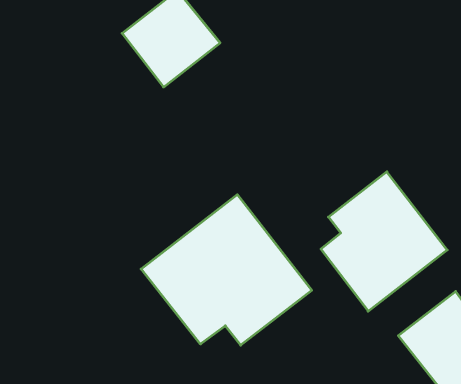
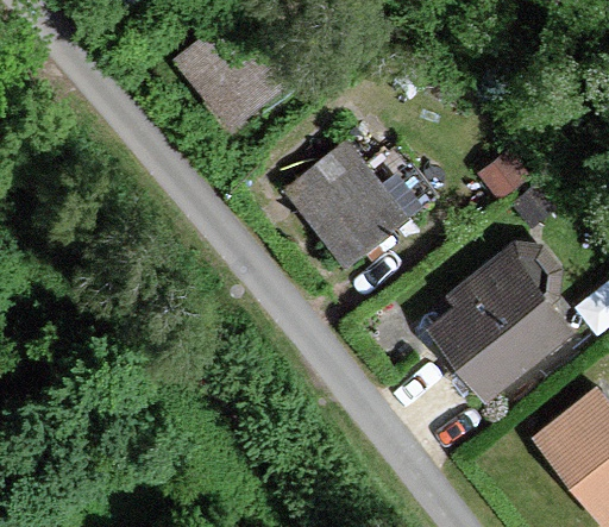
building: none -> [284,142,409,269]
building: [141,195,312,345] -> none

